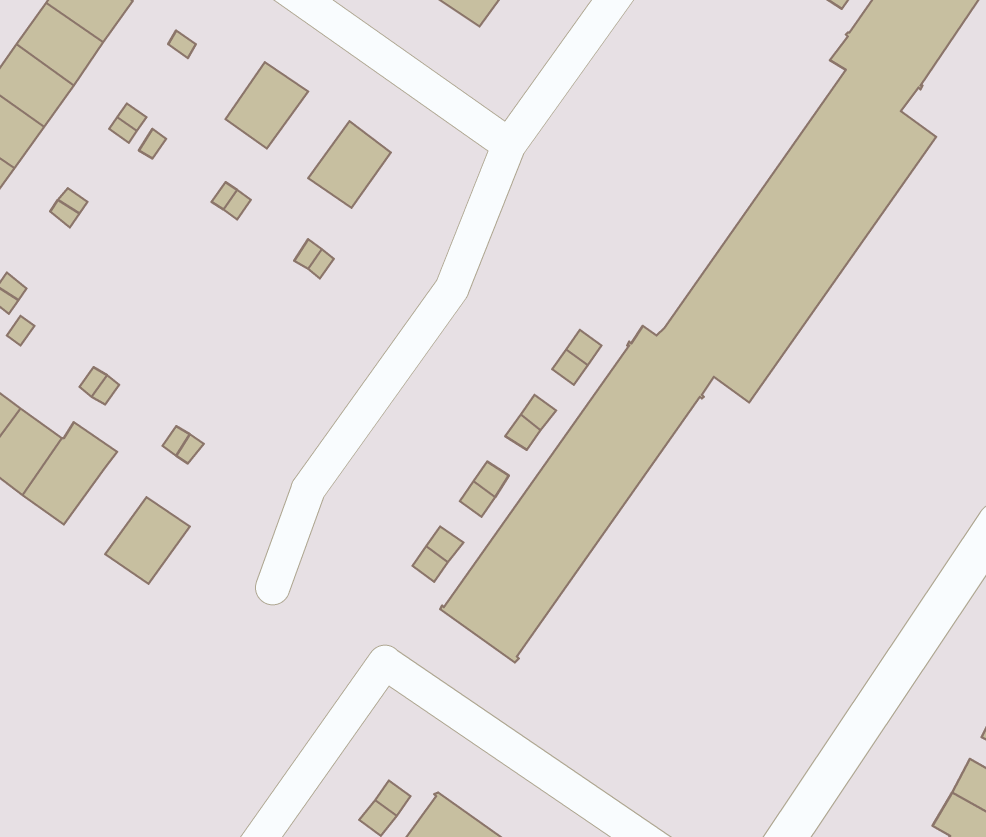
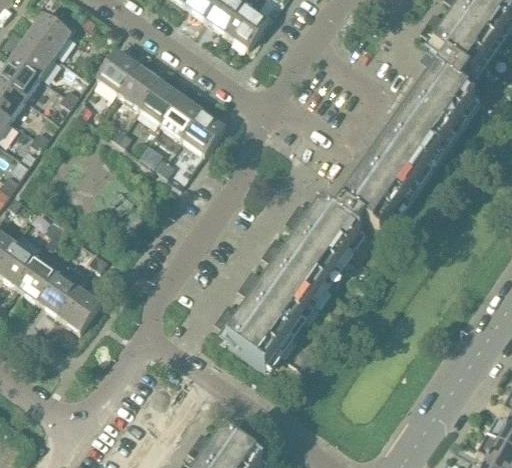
building: none -> [97,50,139,94]
building: none -> [140,80,182,124]
building: none -> [183,111,225,155]
building: none -> [37,271,79,315]

